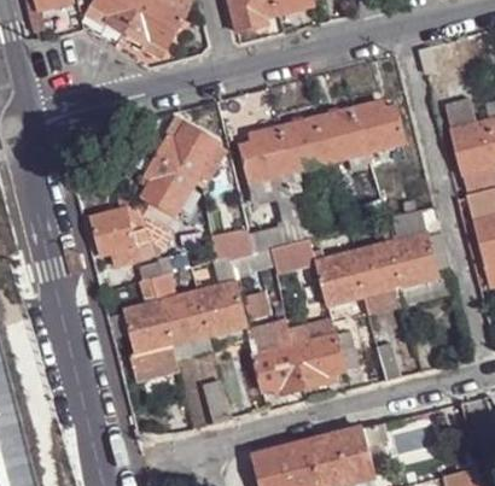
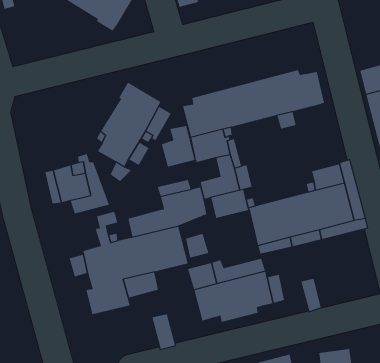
building: none -> [161,125,195,168]

